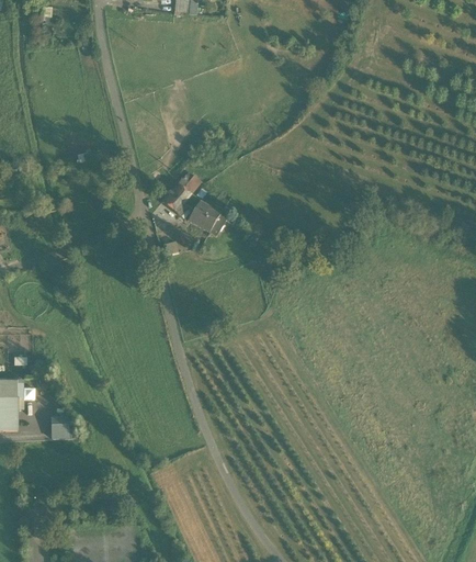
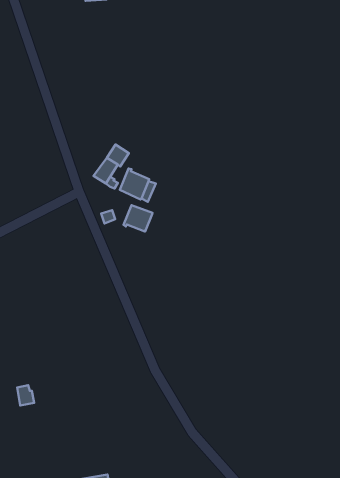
building: none -> [123,205,152,232]

